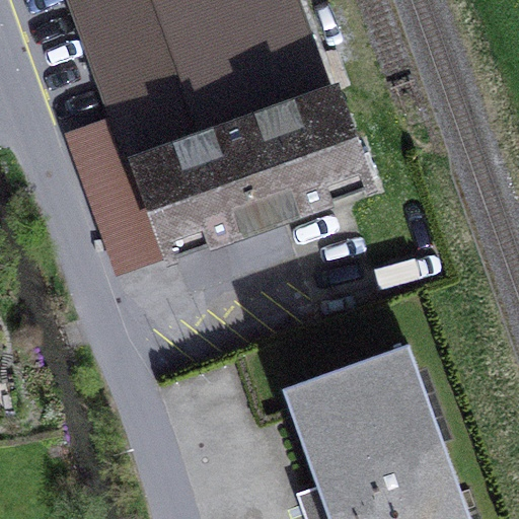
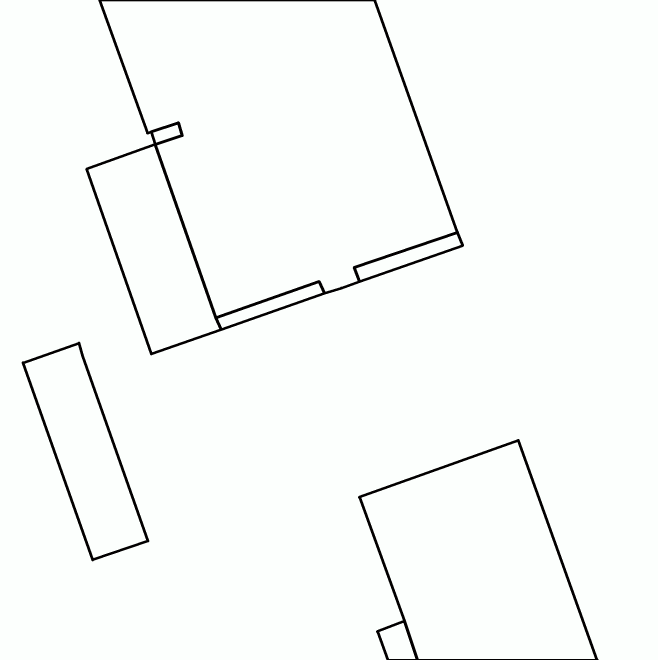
building: none -> [23,343,148,560]

